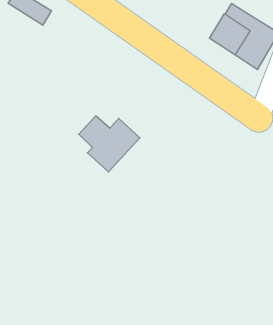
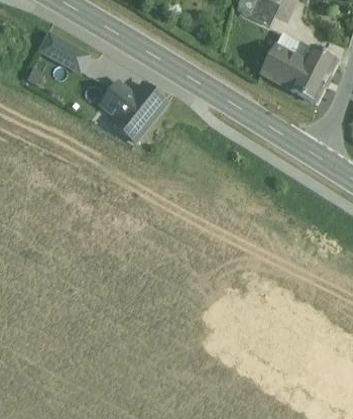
building: [79,116,140,172] -> [101,82,167,141]

